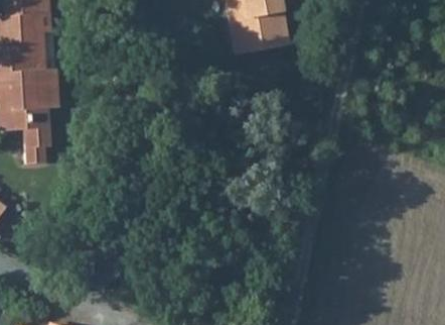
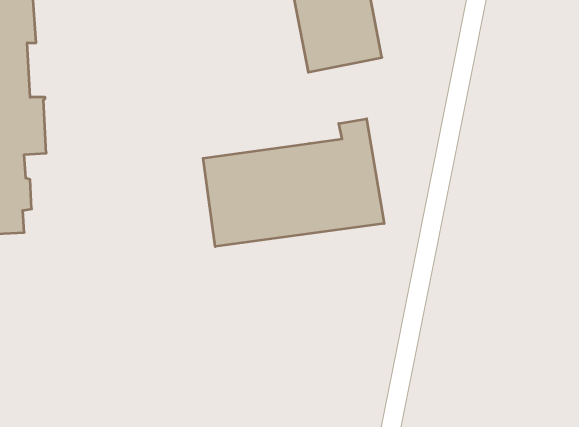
building: none -> [203,119,384,247]

